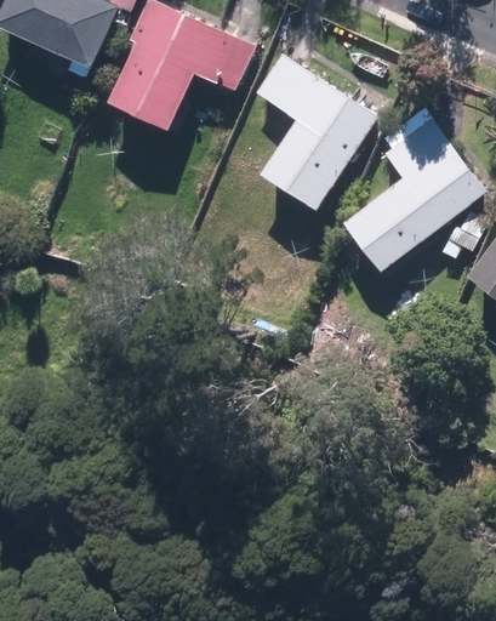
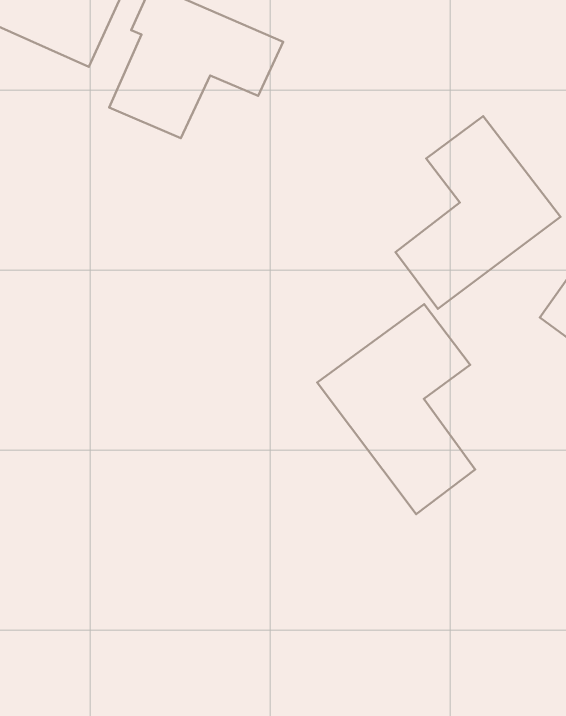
building: [252,53,377,209] -> none
building: none -> [317,304,475,514]

